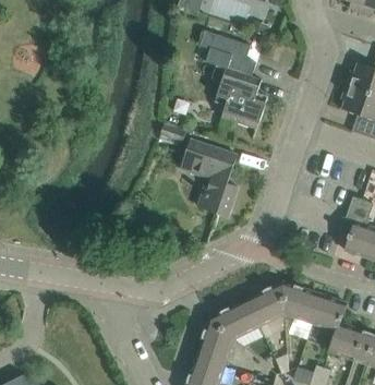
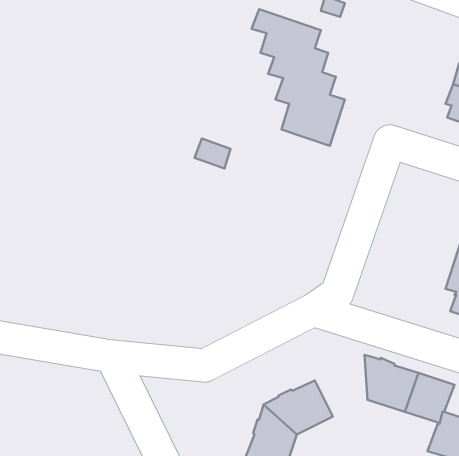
building: [181,140,238,217] -> none
building: [246,281,285,326] -> none

